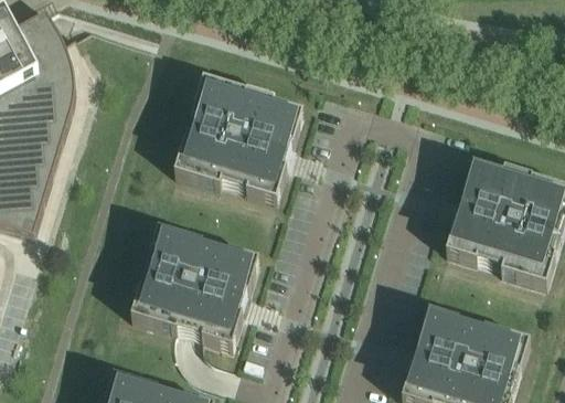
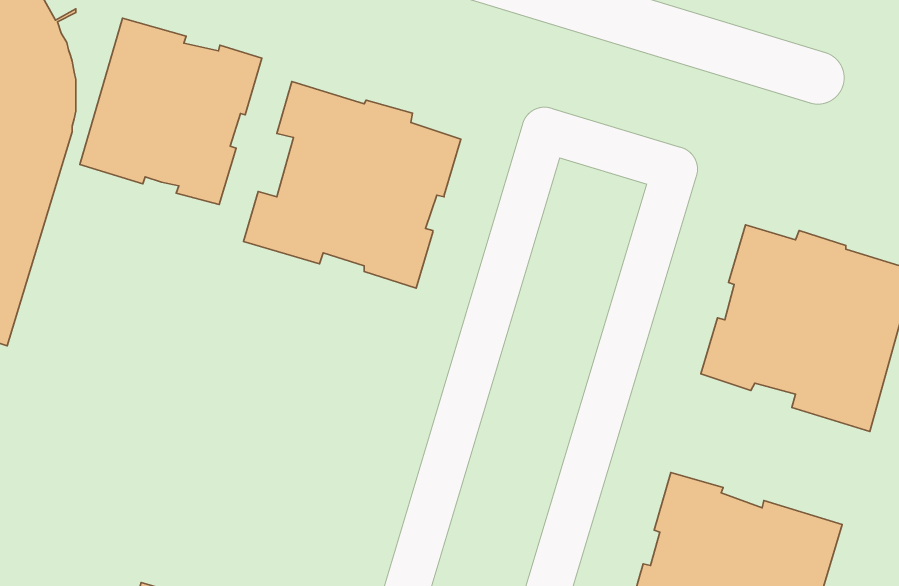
building: none -> [80,18,262,205]
building: [129,223,257,342] -> none

